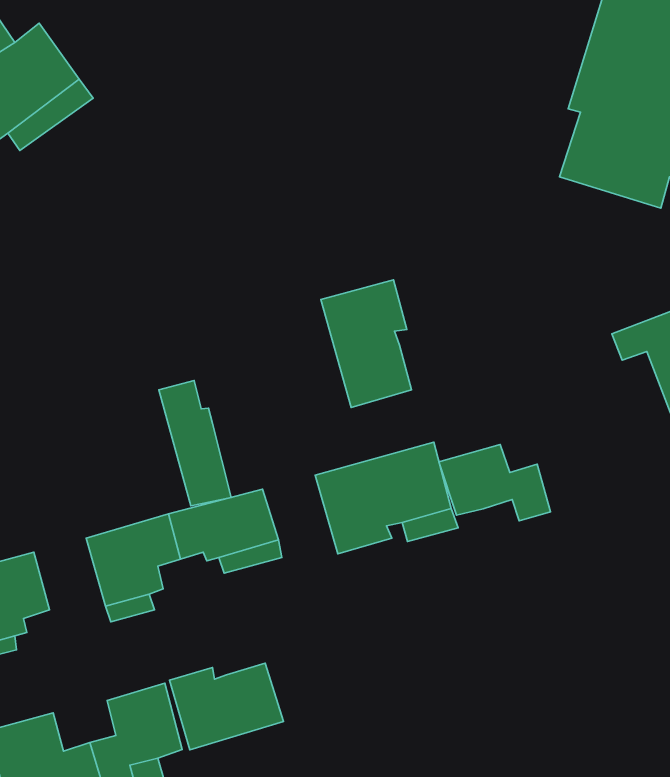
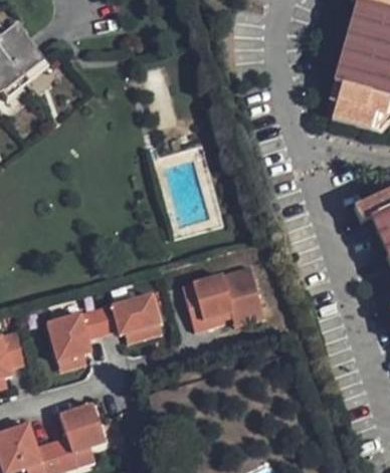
building: [321,280,412,408] -> none
building: [159,380,231,506] -> none
building: [439,445,551,521] -> none
building: [169,663,284,750] -> none

